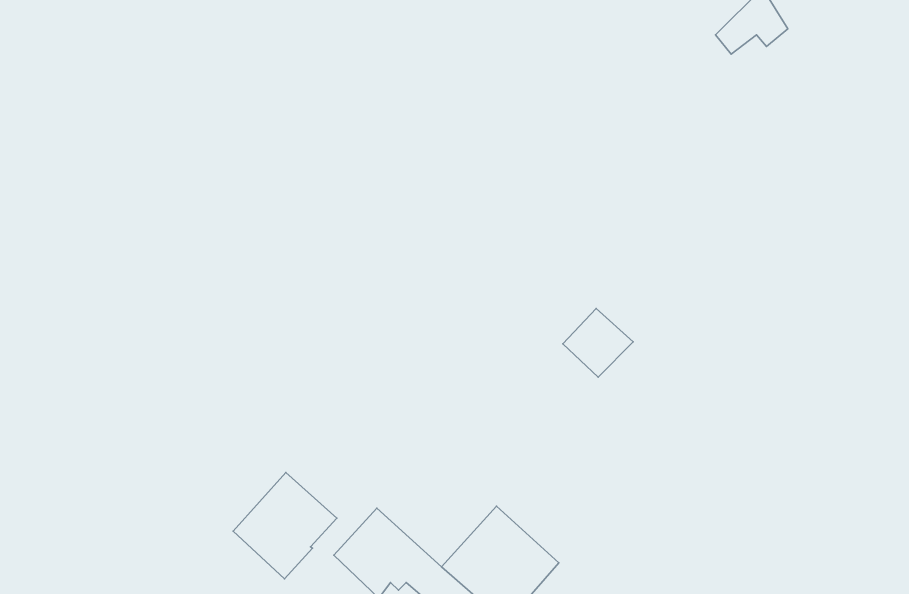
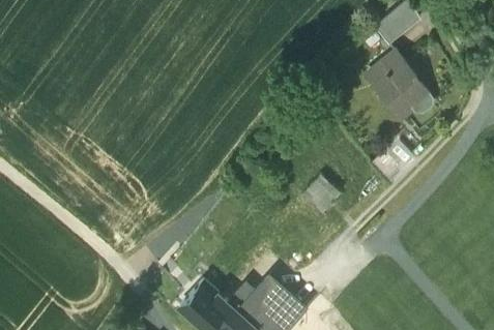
building: none -> [368,55,427,110]
building: [233,472,337,579] -> none

